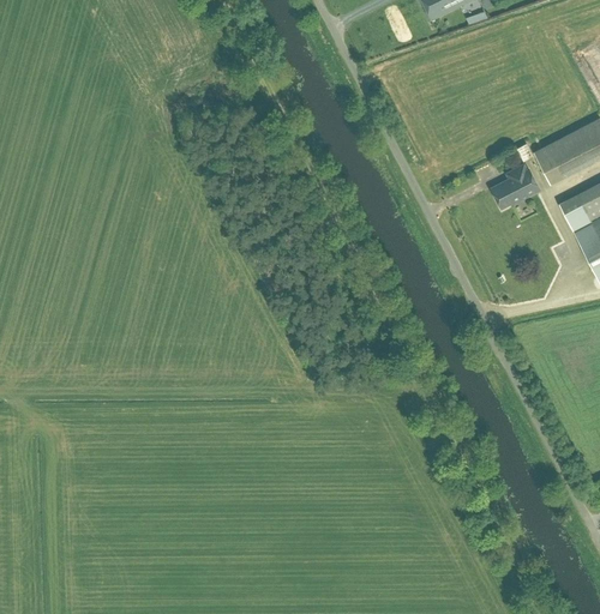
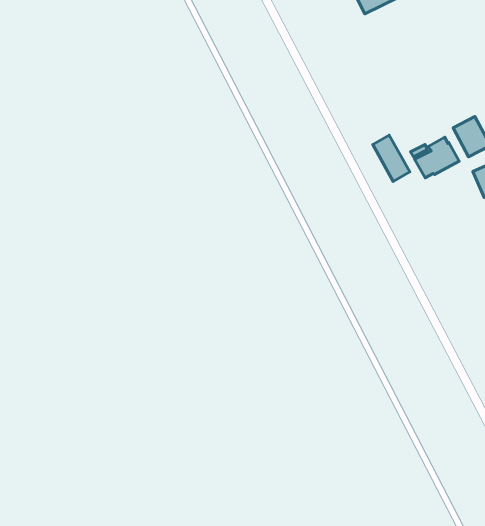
building: none -> [373,135,410,181]

